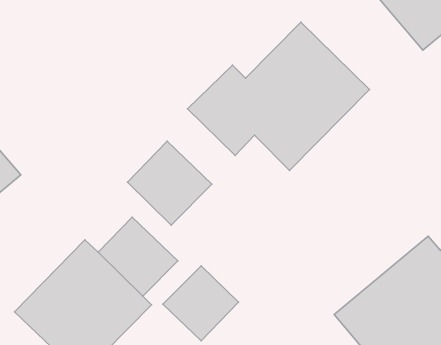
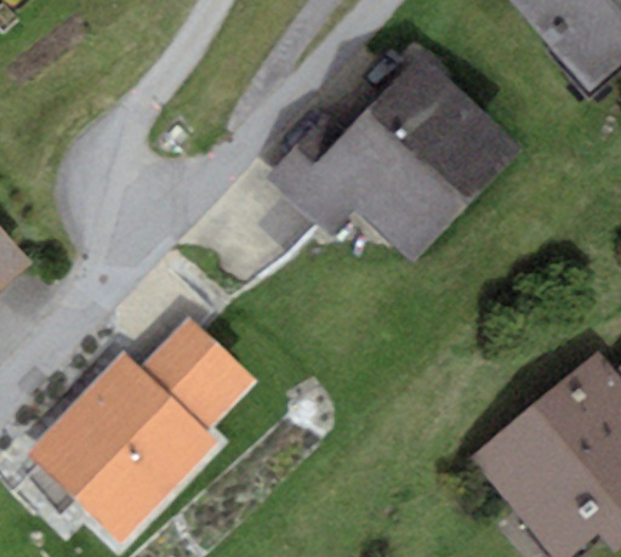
building: [127,141,212,225] -> none
building: [163,266,239,341] -> none

